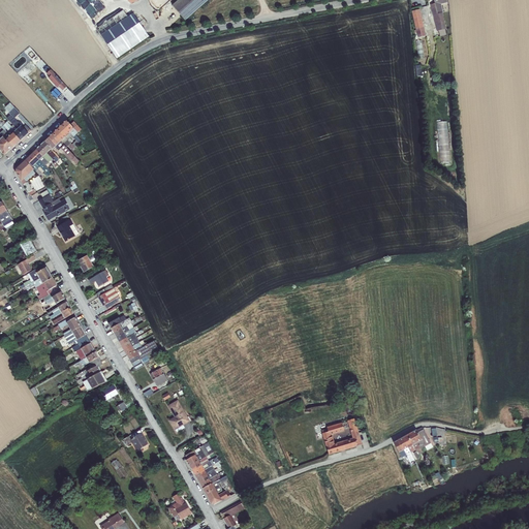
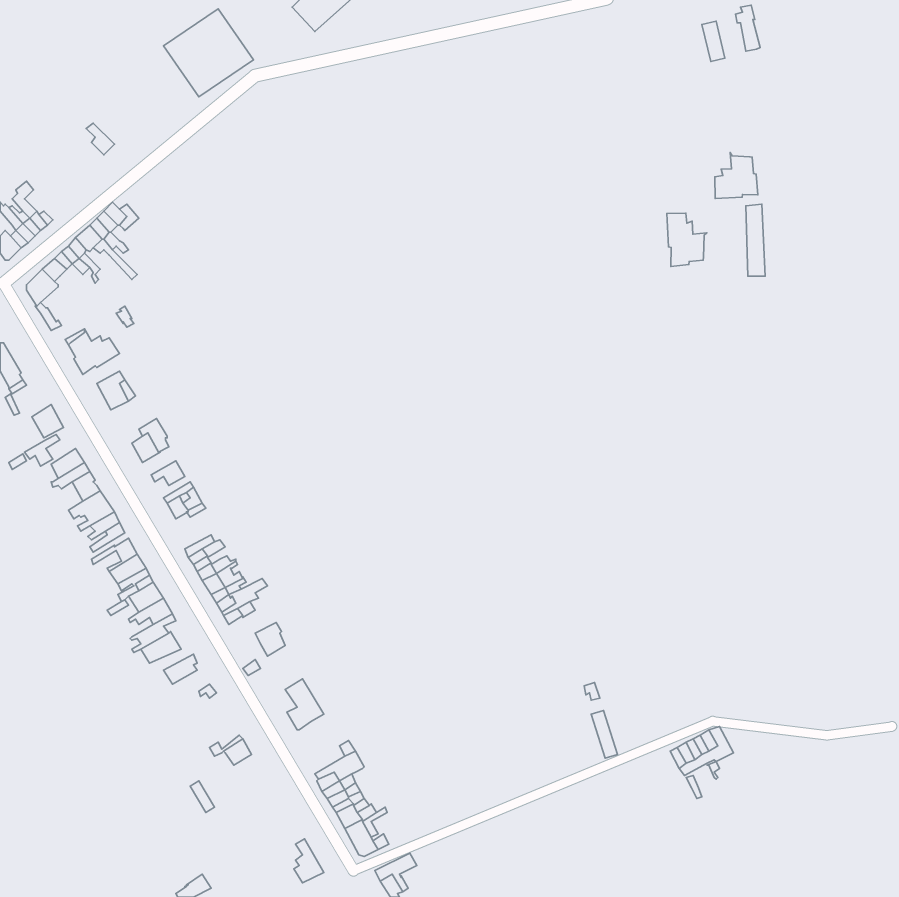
building: none -> [715,152,758,199]
building: none -> [667,213,707,266]
building: [322,422,345,453] -> none

